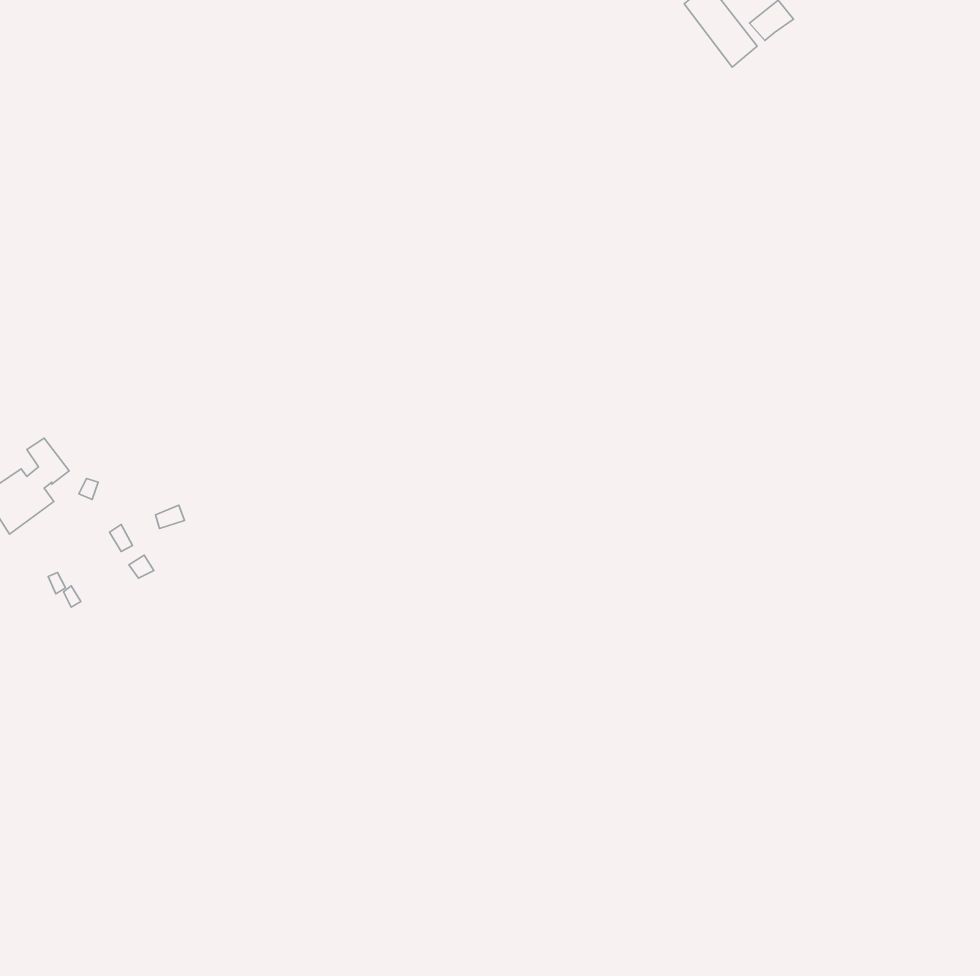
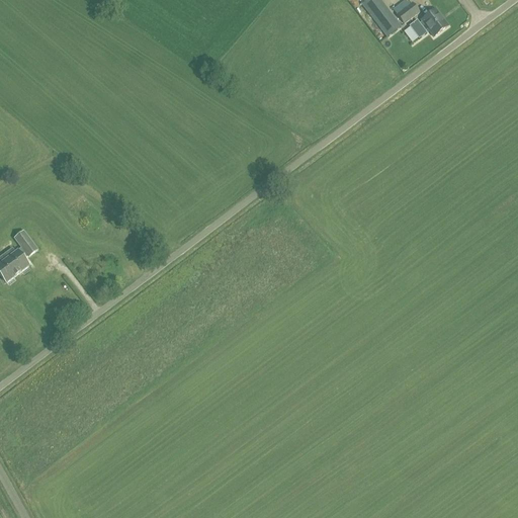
building: none -> [408,8,446,36]

